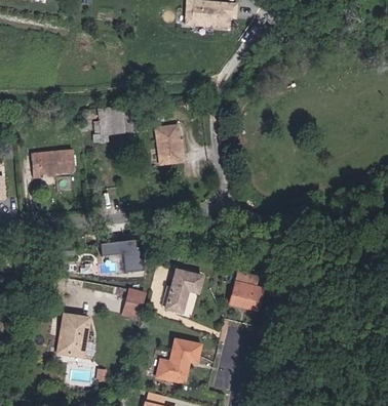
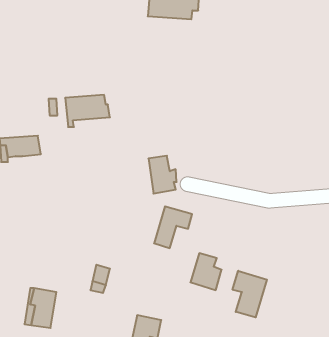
building: [154,125,184,165] -> [148,156,177,194]
building: [100,238,142,270] -> none
building: [164,273,204,317] -> [154,206,192,248]
building: none -> [233,271,267,317]

